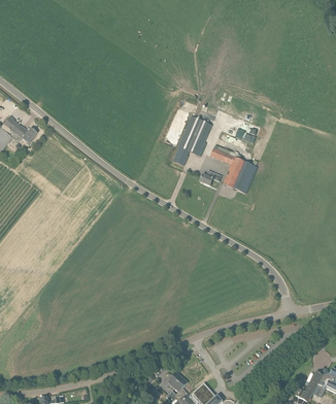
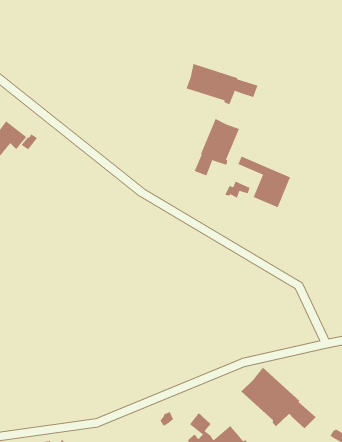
building: none -> [186,63,258,105]
building: none -> [241,367,317,429]

